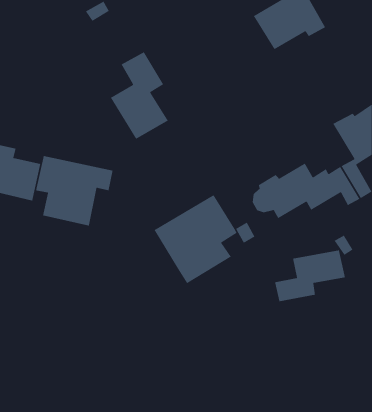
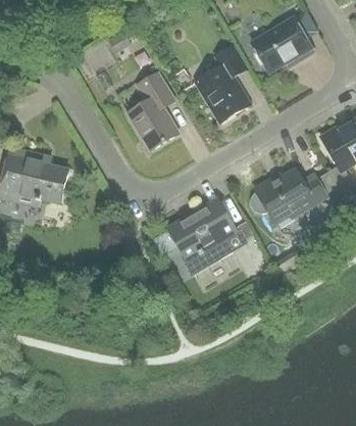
building: none -> [197,46,249,122]
building: [35,155,113,227] -> none
building: [274,249,346,302] -> none

